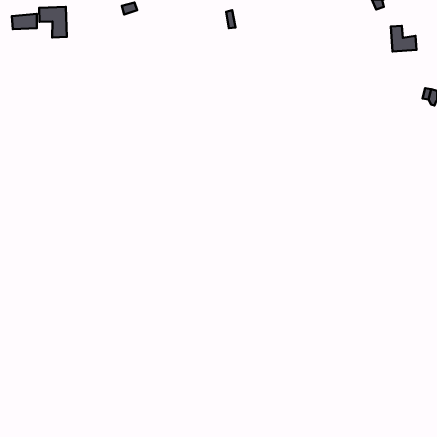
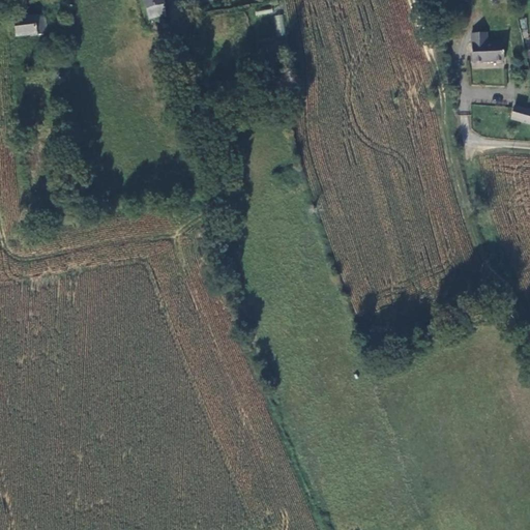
building: [39,7,67,38] -> none

